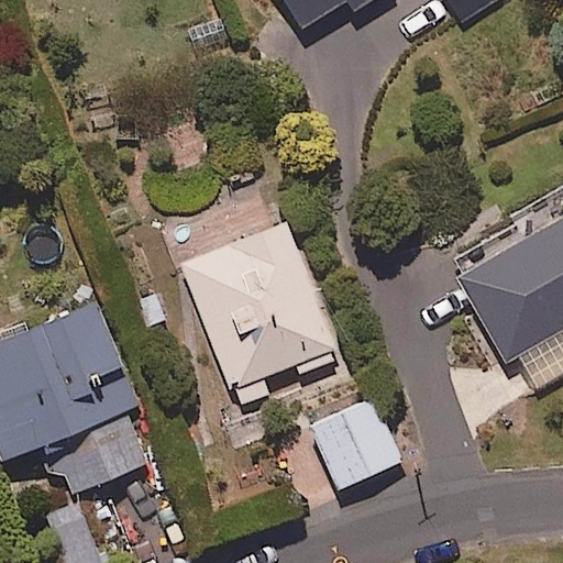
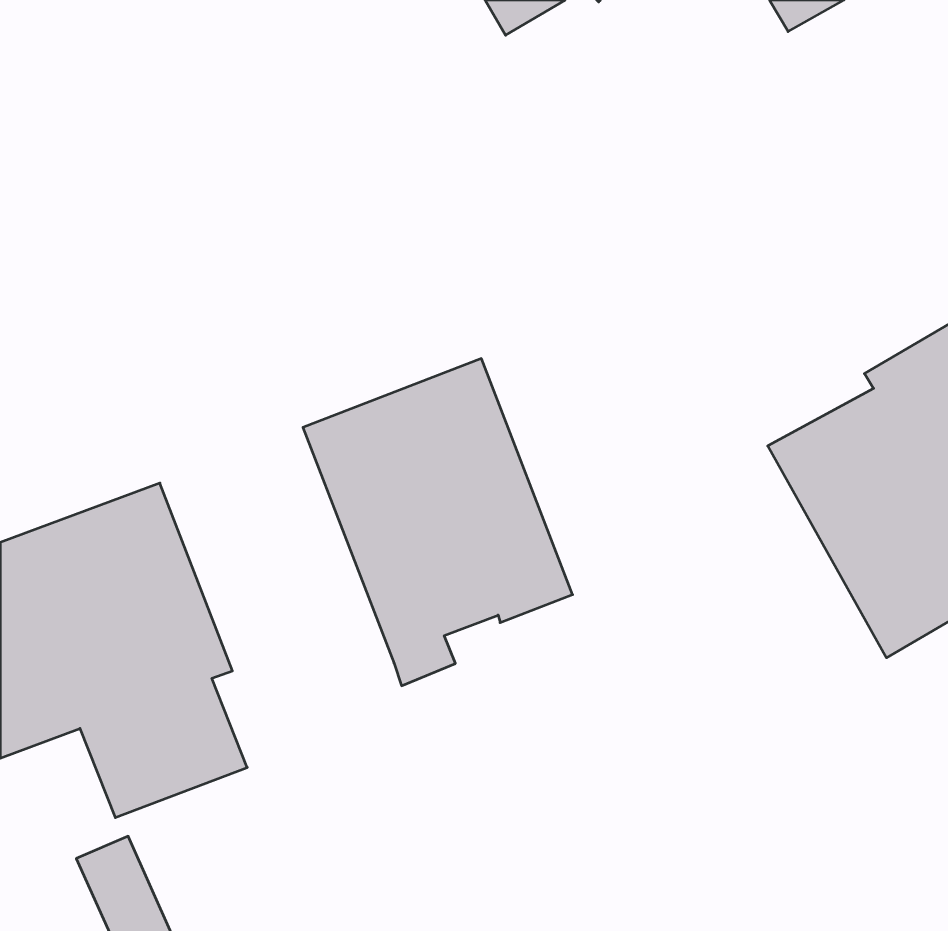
building: [311,399,402,490] -> none

